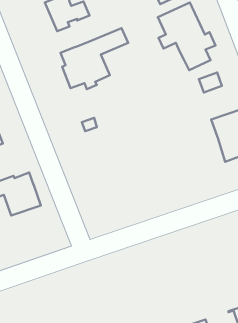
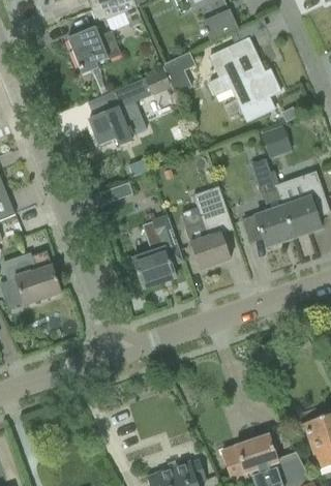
building: none -> [161,52,194,93]
building: none -> [243,169,293,246]
building: none -> [186,185,235,269]
building: none -> [132,215,183,288]

